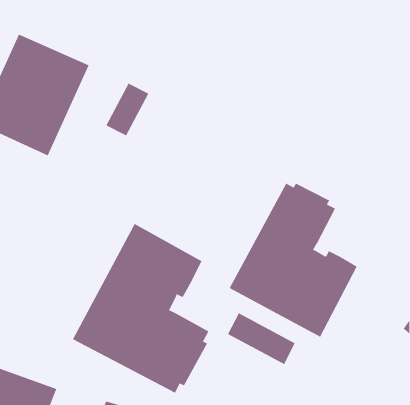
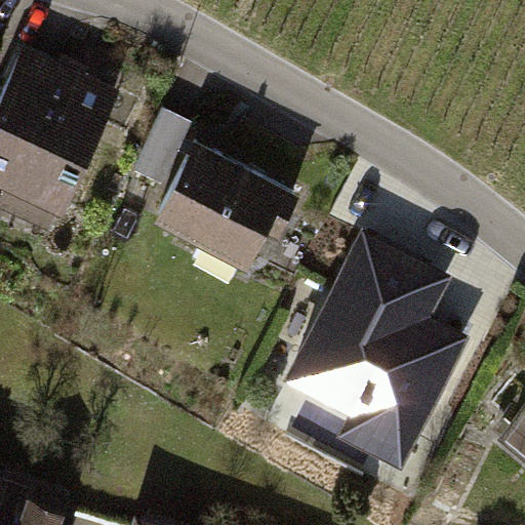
building: none -> [160,147,293,270]
building: [72,223,209,393] -> none

